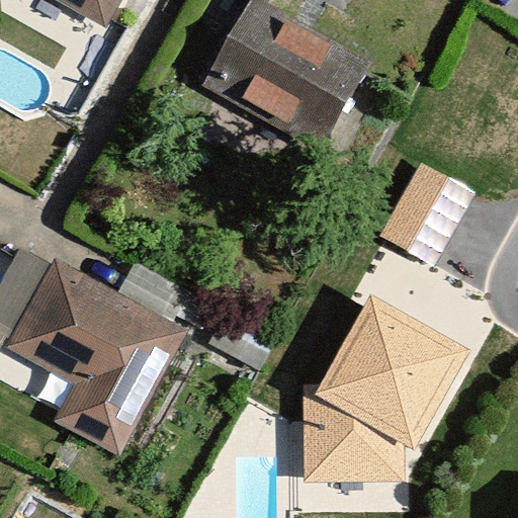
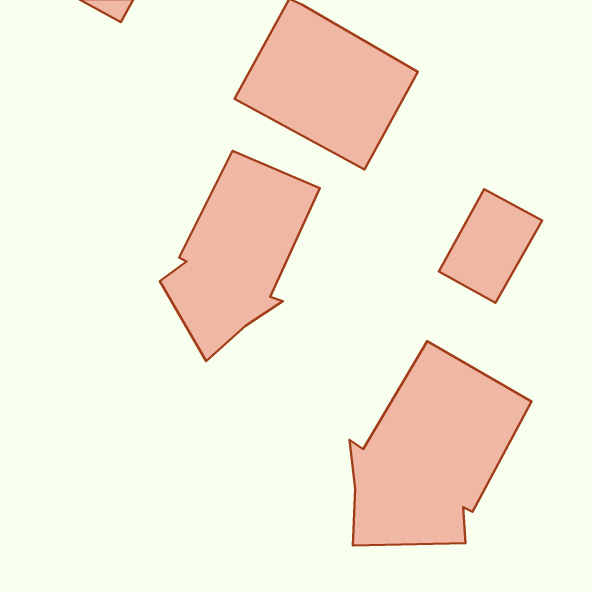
building: none -> [160,151,320,361]
building: [8,260,182,452] -> none

